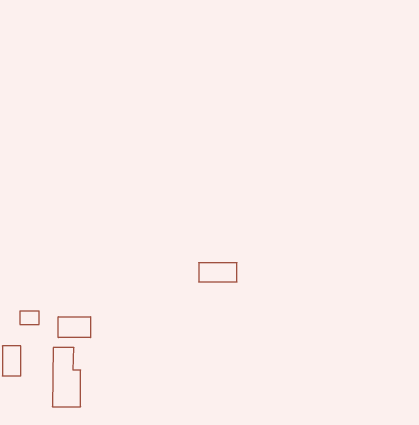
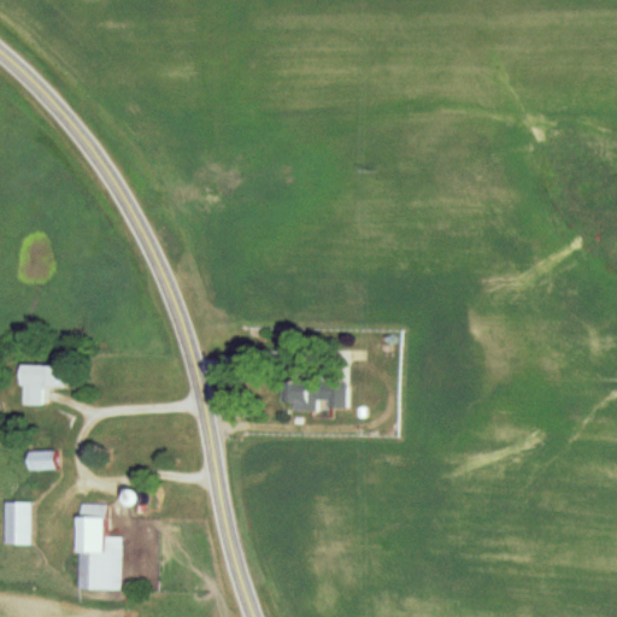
building: none -> [20,364,60,405]
building: [58,317,91,338] -> none

